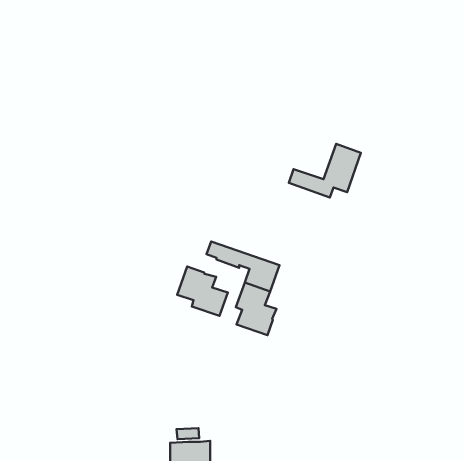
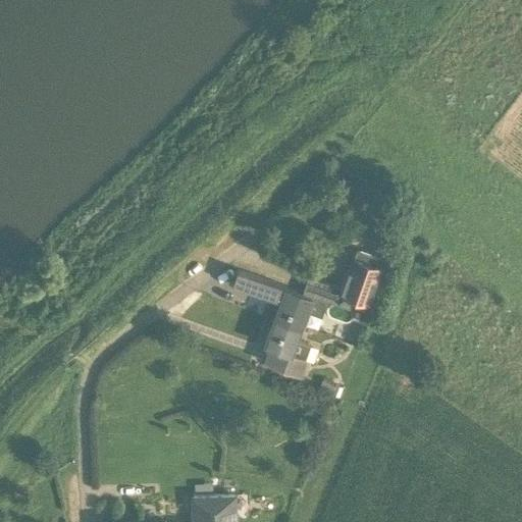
building: [289,144,361,198] -> [303,253,383,313]
building: [177,266,228,316] -> none

